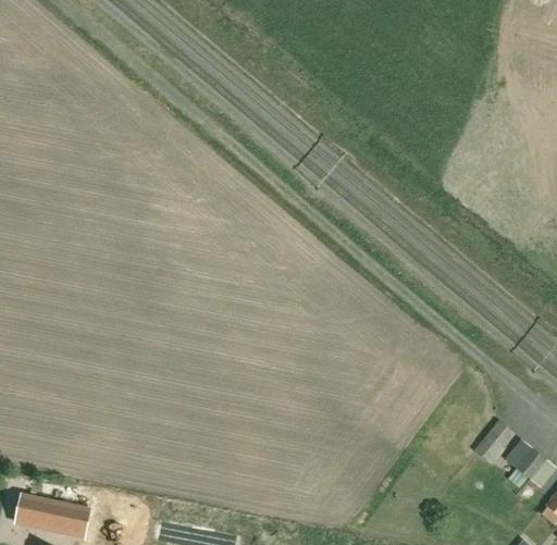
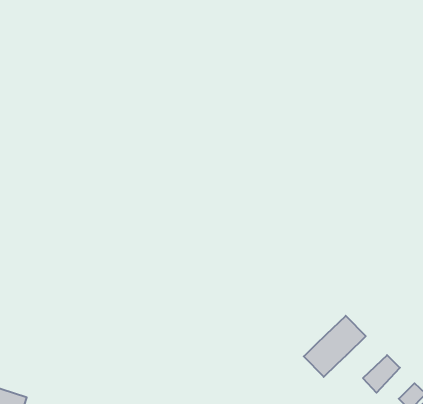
building: none -> [304,316,366,377]

